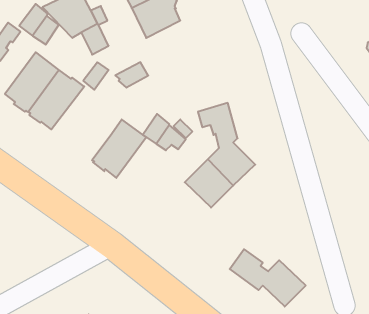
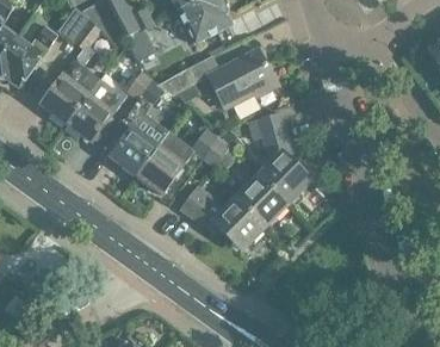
building: none -> [207,50,274,107]
building: none -> [110,101,167,175]
building: [230,249,306,307] -> [181,187,264,249]

